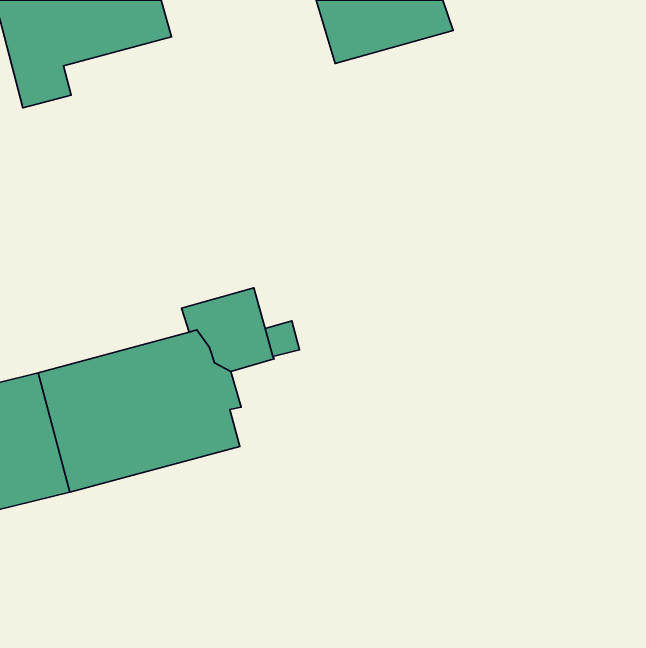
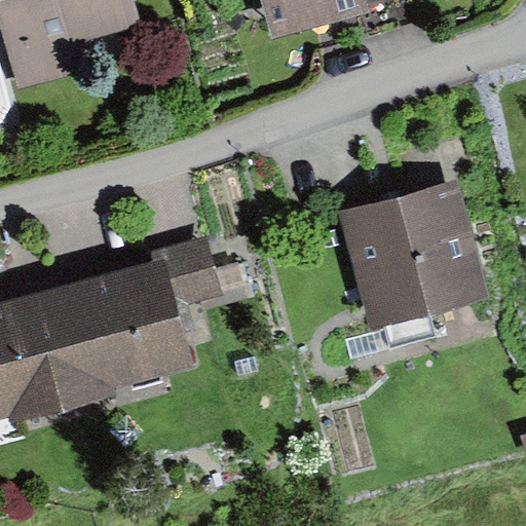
building: none -> [338,177,487,323]

